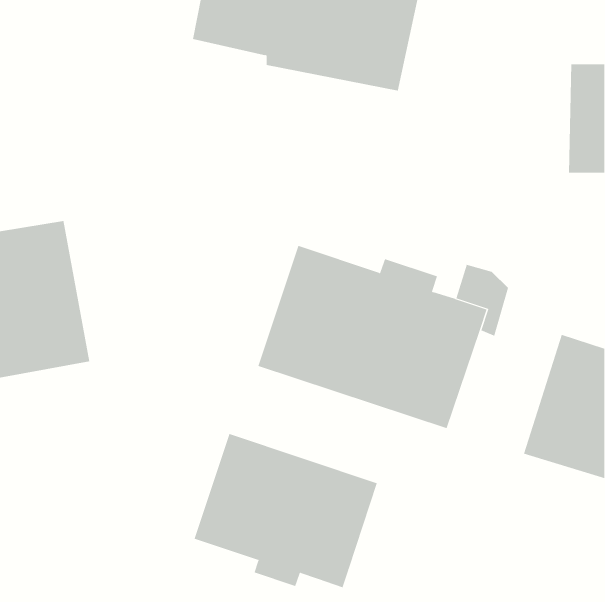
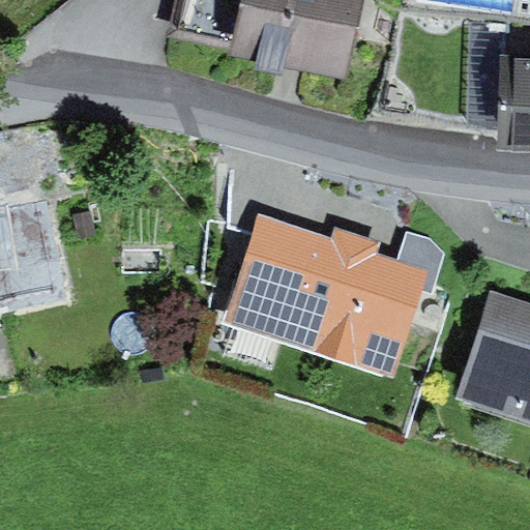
building: [194,433,378,588] -> none

